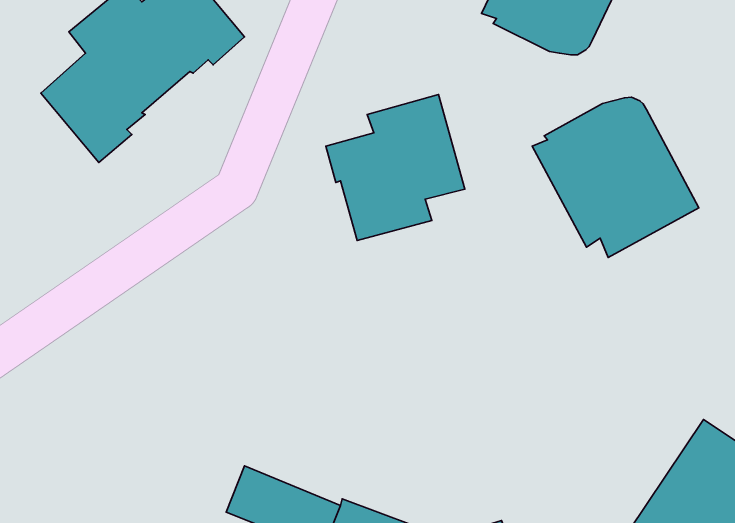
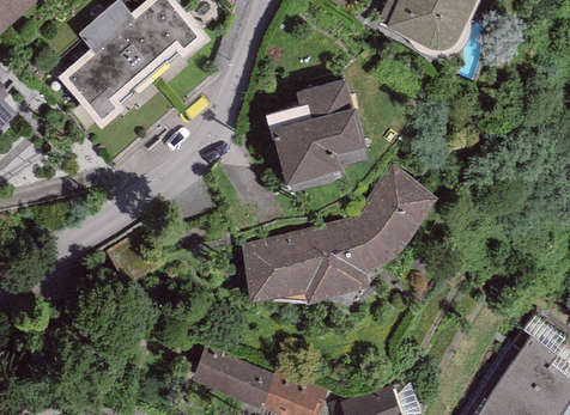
building: [532,97,699,257] -> none
building: none -> [242,163,437,304]

